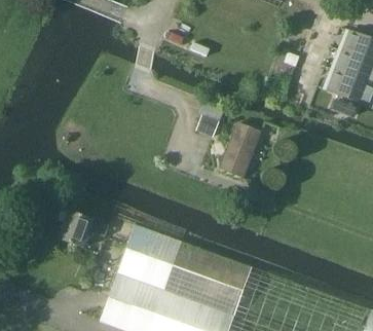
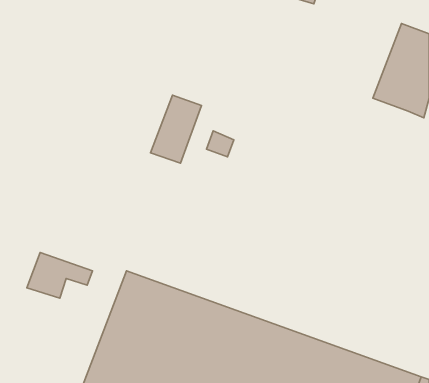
building: [221,122,261,176] -> [150,95,201,163]

